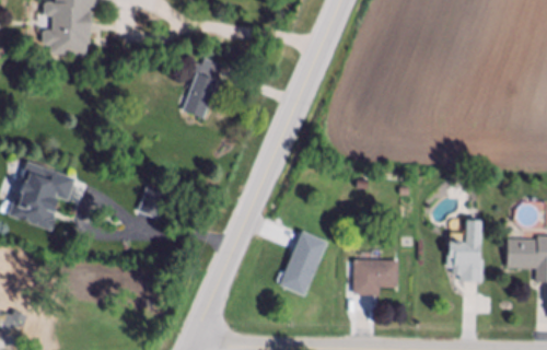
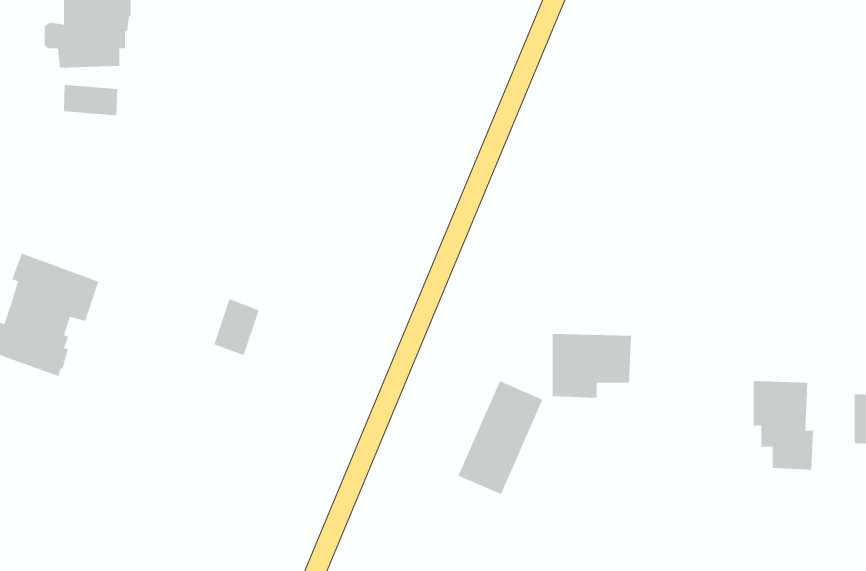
building: [183,58,224,119] -> none
building: none -> [63,84,118,116]
building: [353,259,399,296] -> [552,334,632,398]

